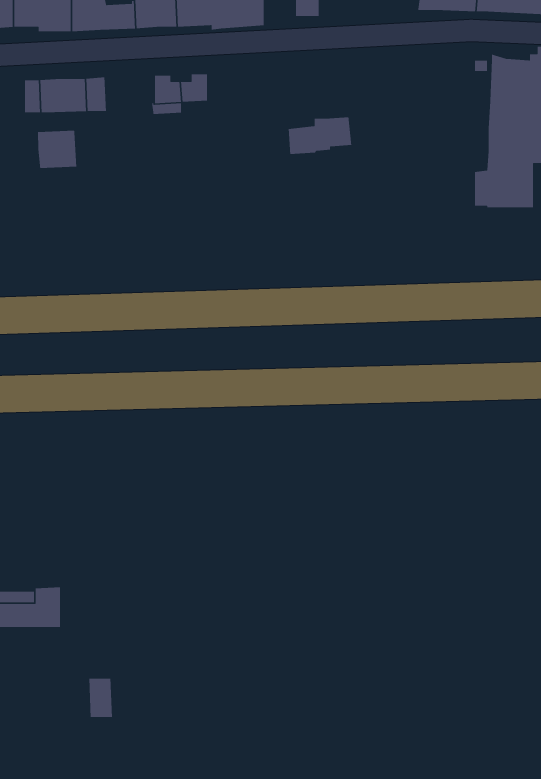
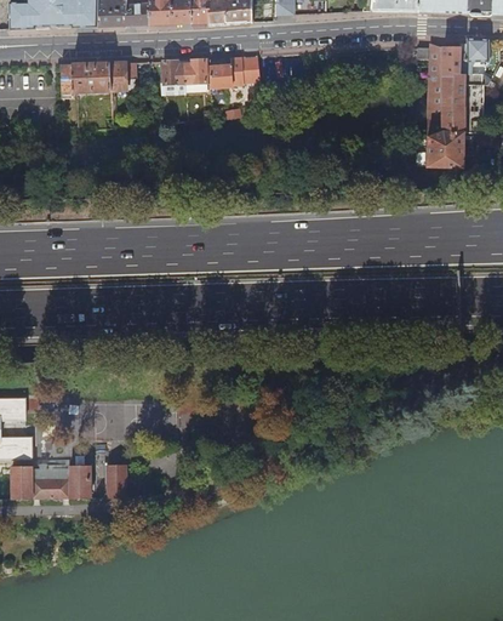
building: [288,116,352,155] -> [210,56,261,86]
building: [37,130,77,169] -> none
building: [88,678,113,718] -> [107,465,126,496]

